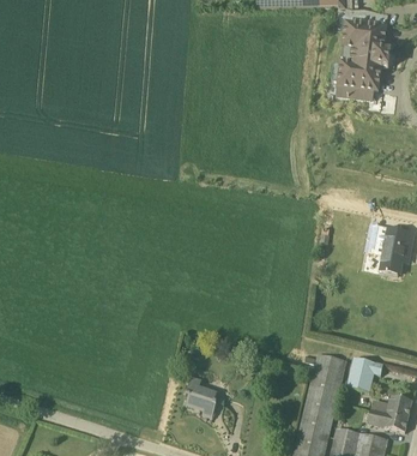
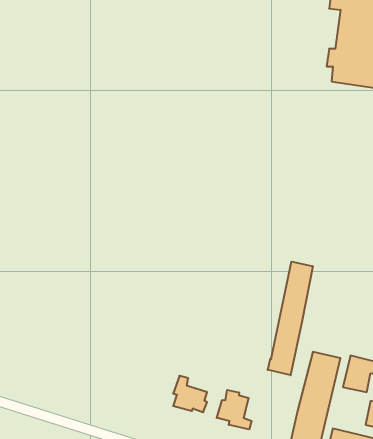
building: none -> [268,262,313,375]
building: none -> [217,390,252,429]

